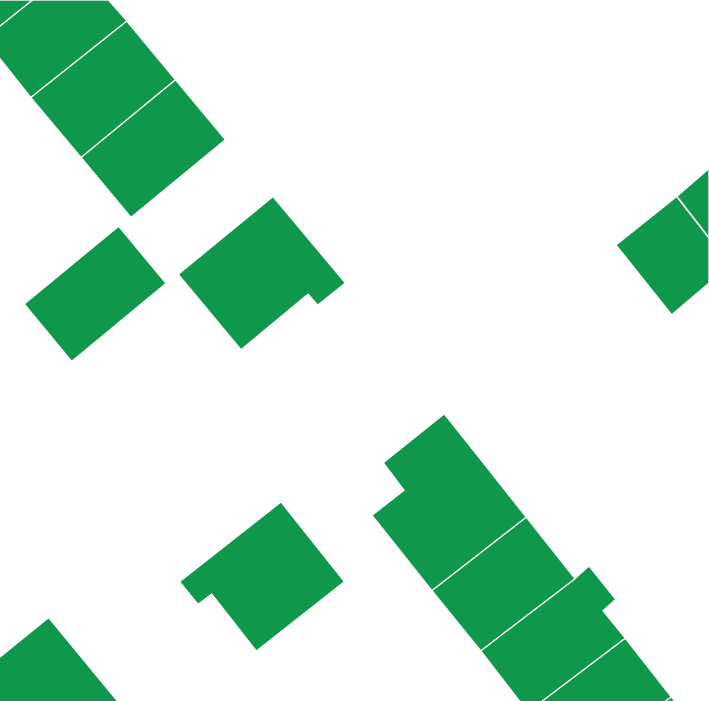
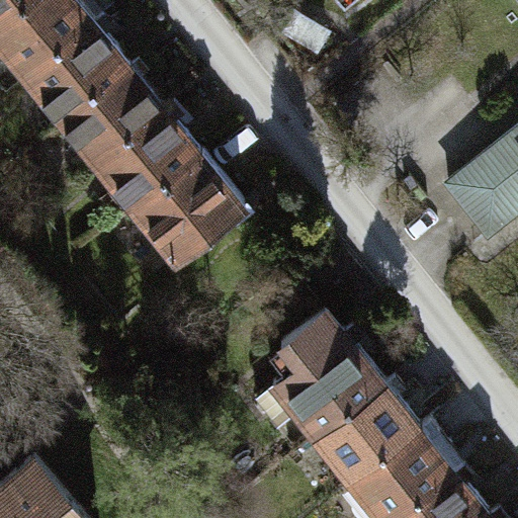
building: [24,226,166,361] -> [95,109,198,207]
building: [179,502,344,651] -> none

